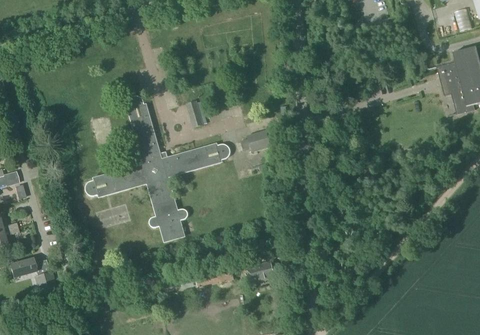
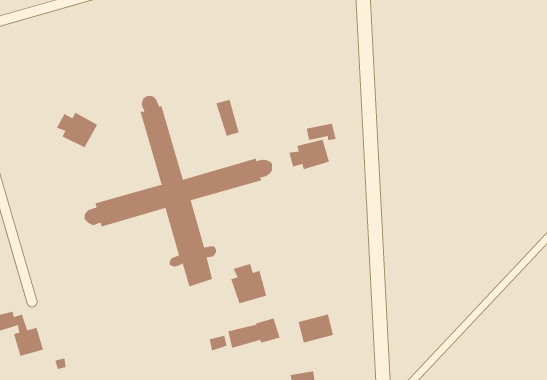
building: none -> [56,112,98,148]
building: none -> [231,263,267,304]

